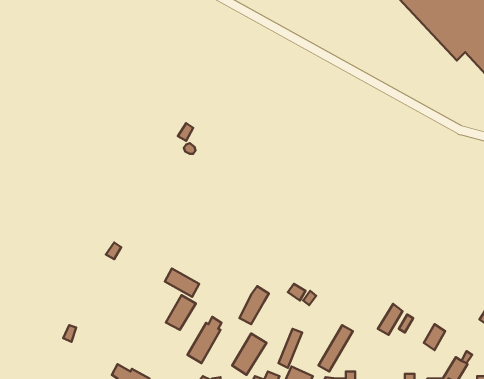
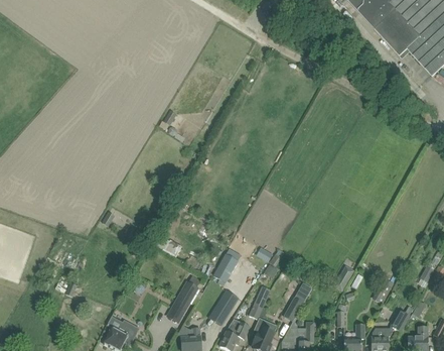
building: [166,295,196,330] -> none

